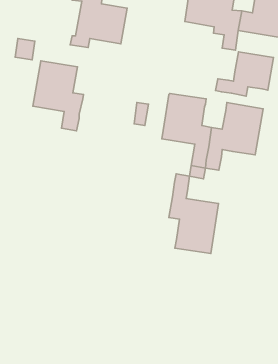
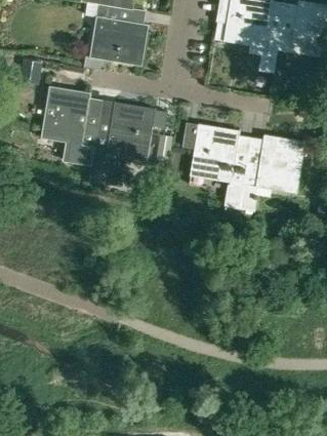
building: [216,52,273,96] -> none
building: none -> [90,101,168,169]
building: [169,174,219,254] -> none

